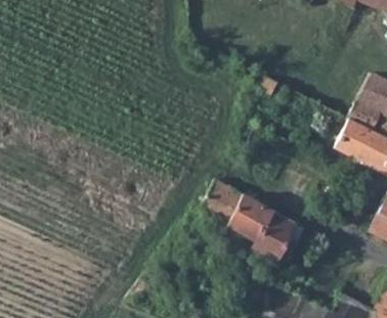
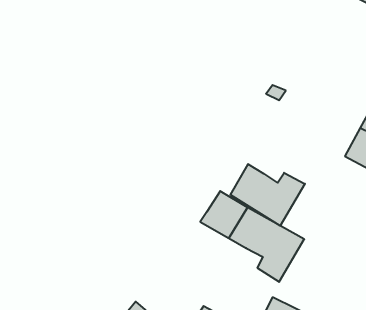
building: none -> [230,164,305,226]

